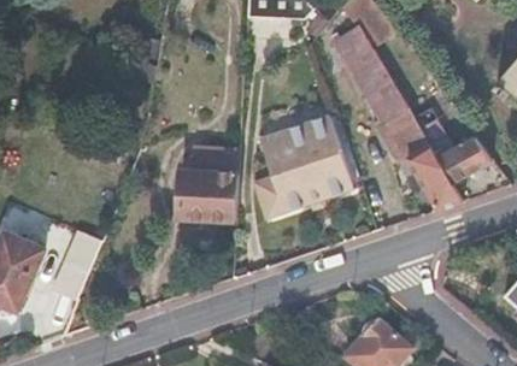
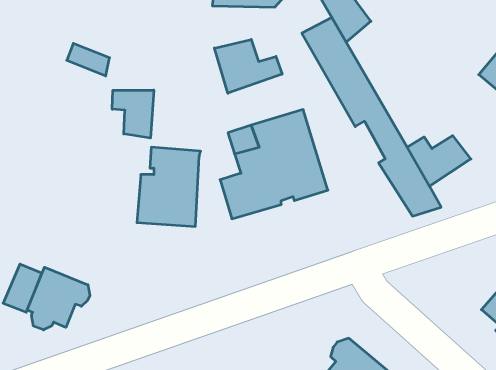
building: none -> [214,39,282,93]
building: none -> [112,90,154,138]
building: none -> [27,267,90,330]

